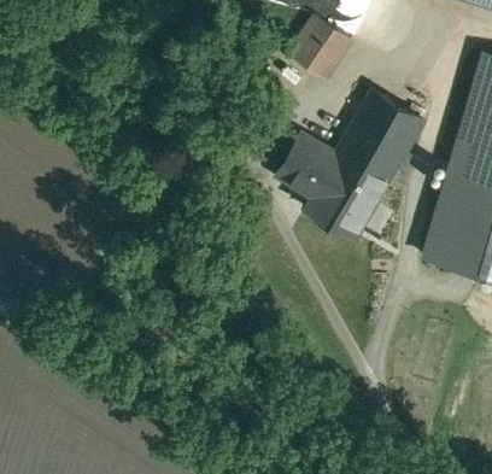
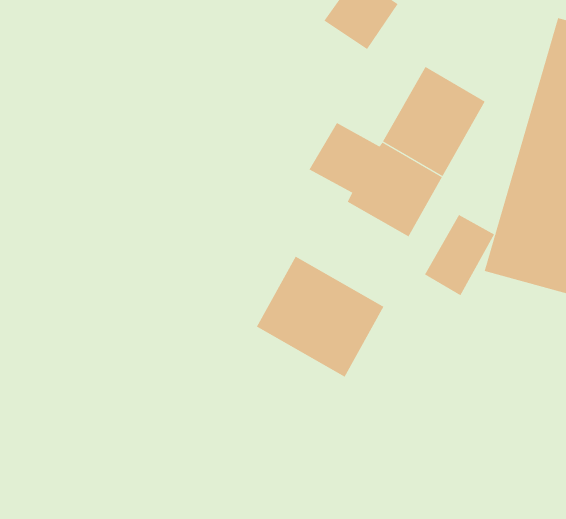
building: none -> [424,214,495,296]
building: none -> [256,256,384,377]

